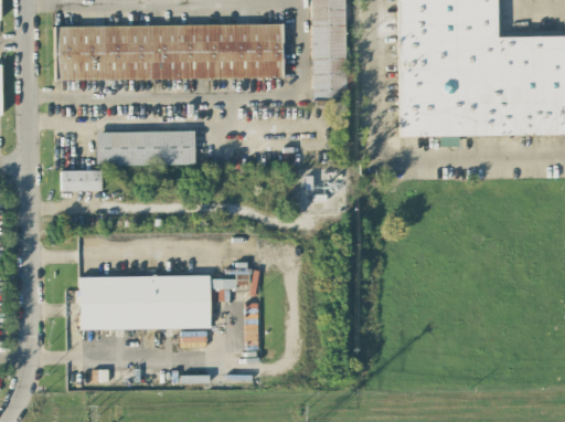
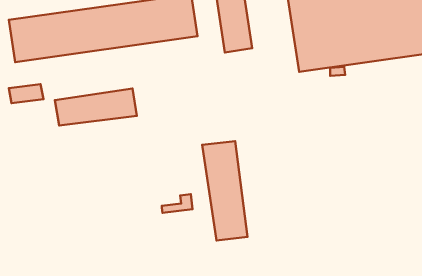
building: [61,170,102,189] -> [9,84,43,103]
building: none -> [202,141,248,241]
building: [79,275,210,329] -> none

